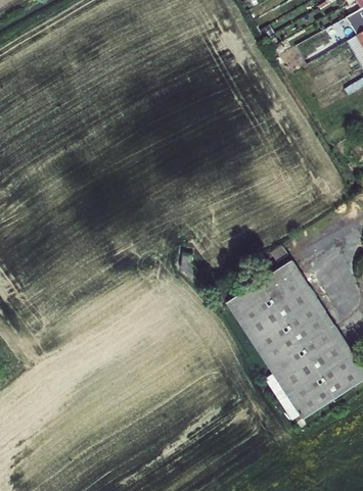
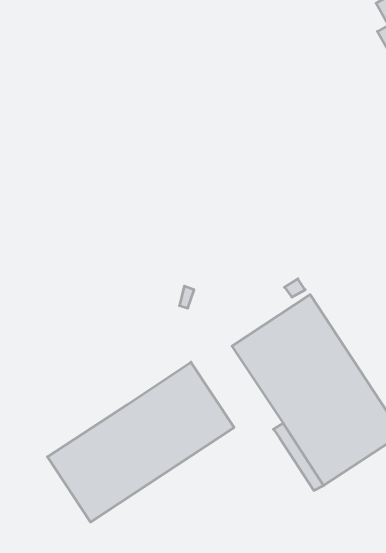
building: none -> [47,362,234,522]

